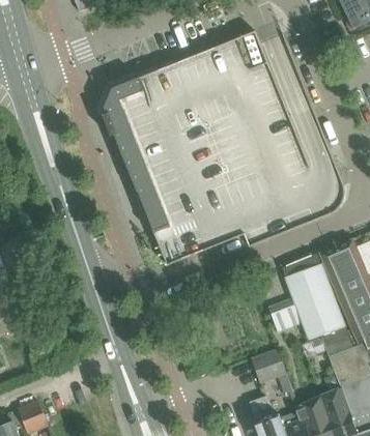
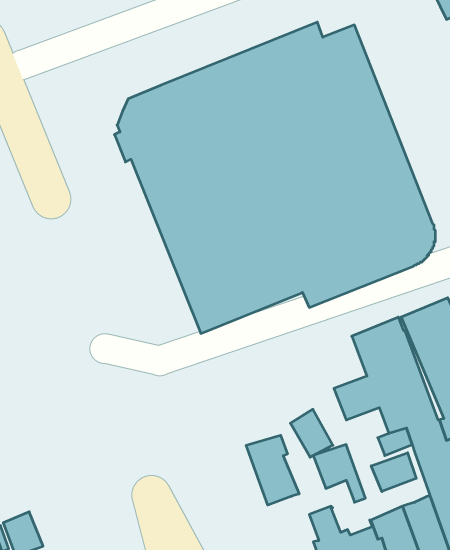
building: none -> [290,409,333,457]
building: none -> [246,435,299,505]
building: none -> [371,453,416,492]

